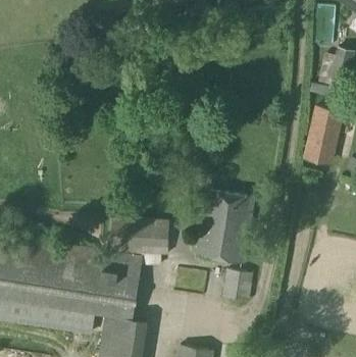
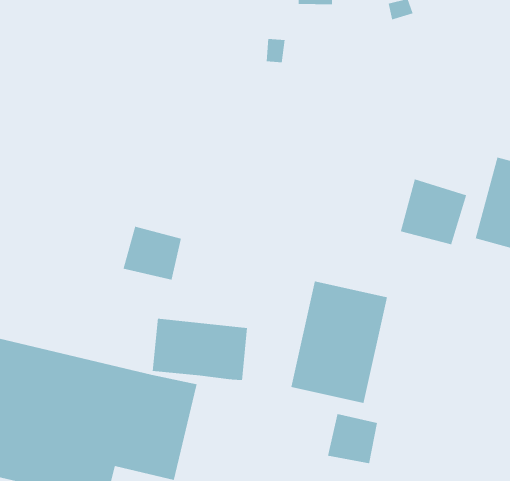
building: none -> [400,179,467,245]
building: none -> [123,226,181,281]

